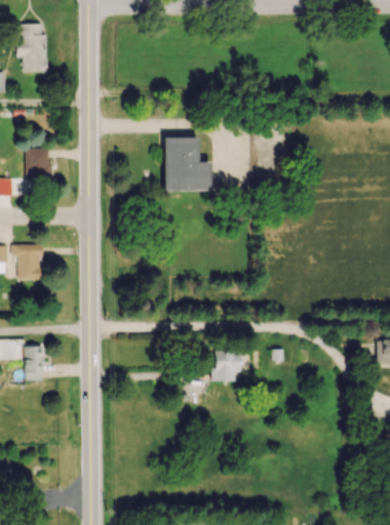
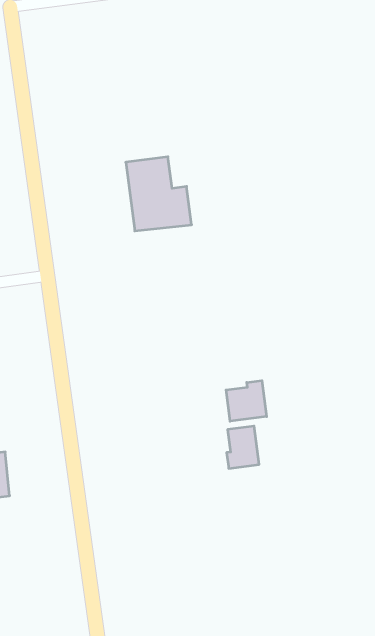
building: none -> [226,381,267,421]

